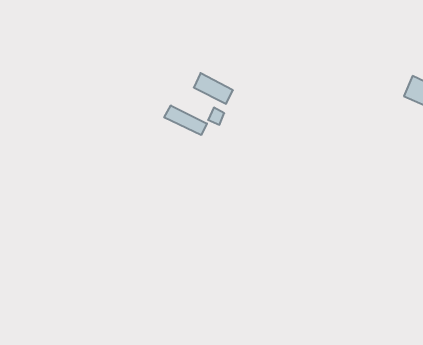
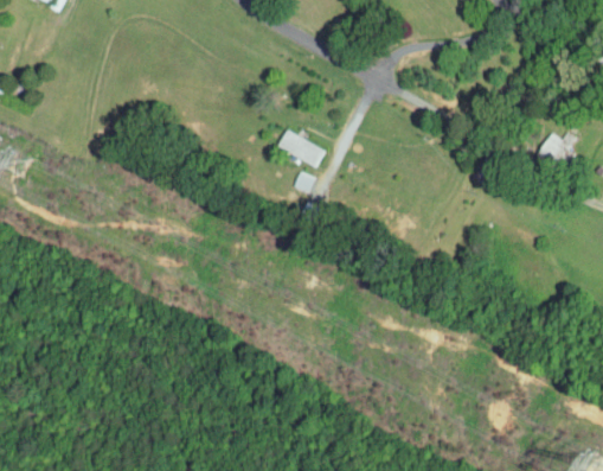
building: [164,105,207,135] -> none

